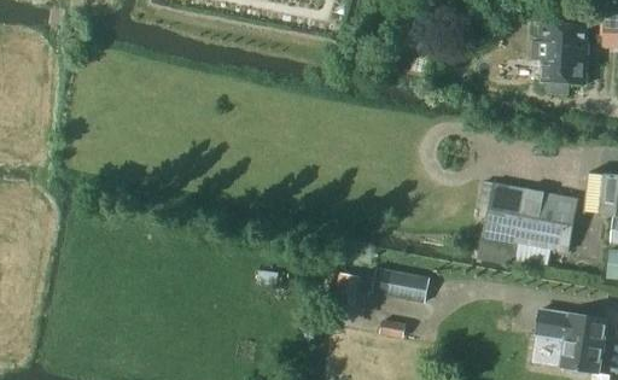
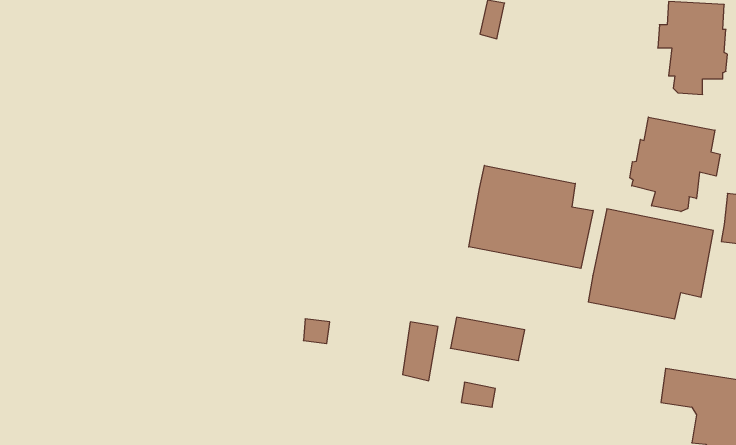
building: none -> [630,117,720,212]
building: none -> [469,165,593,268]

